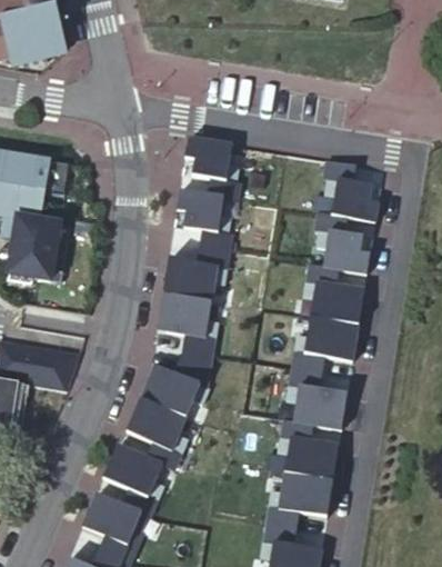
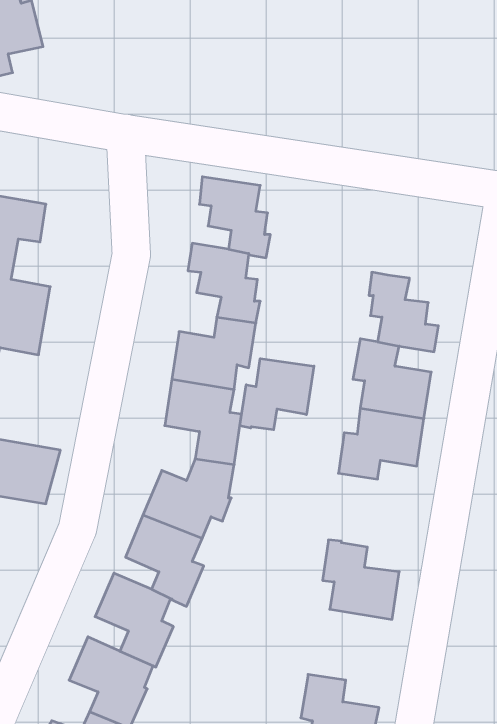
building: [322,161,375,222] -> none
building: none -> [240,359,314,430]
building: [287,367,345,428] -> none
building: [268,471,332,526] -> none

